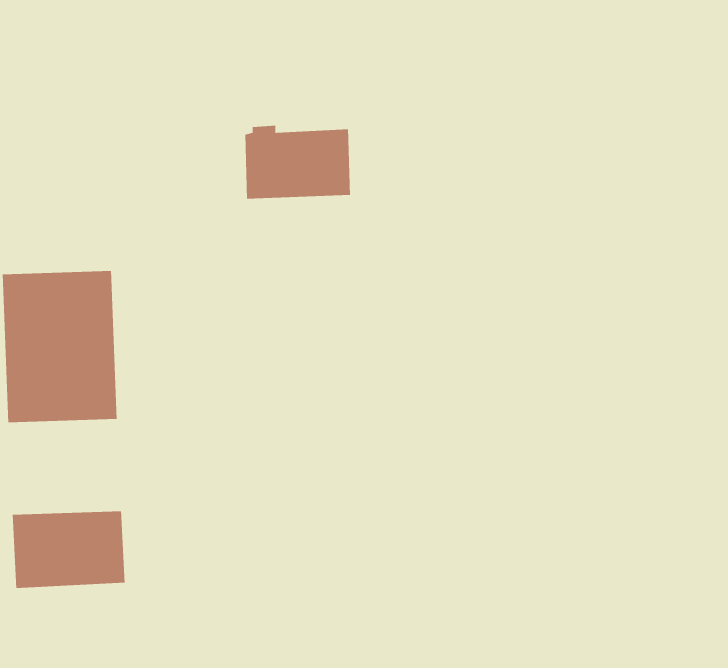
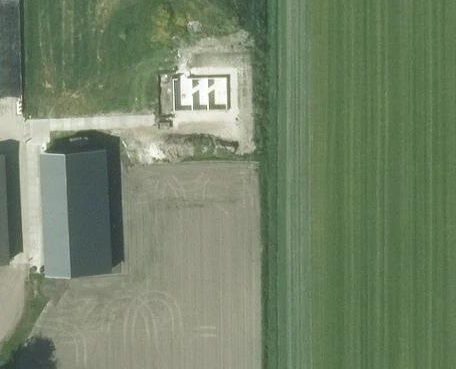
building: [12,510,126,589] -> [44,232,105,274]

